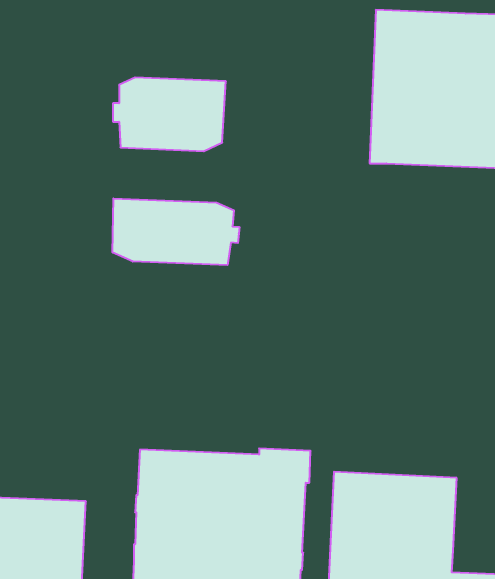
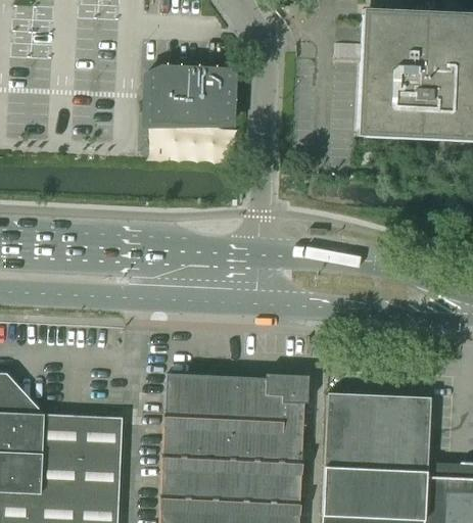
building: [113,198,239,265] -> none

